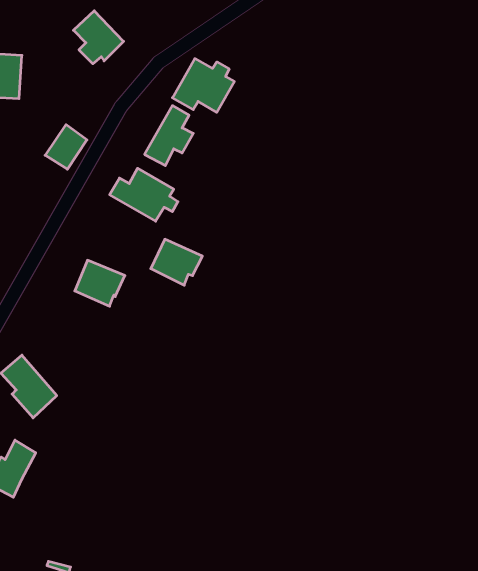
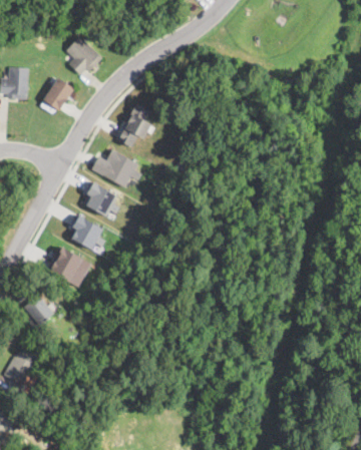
building: [172,59,234,112] -> none
building: [45,125,87,169] -> [43,78,73,110]
building: [151,239,202,285] -> [81,182,118,215]
building: none -> [47,246,91,288]

